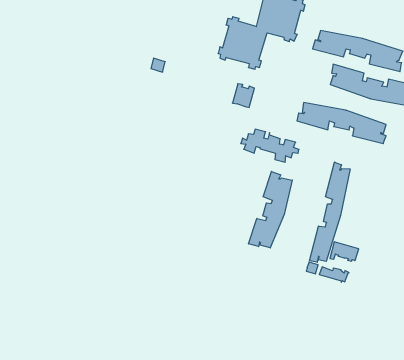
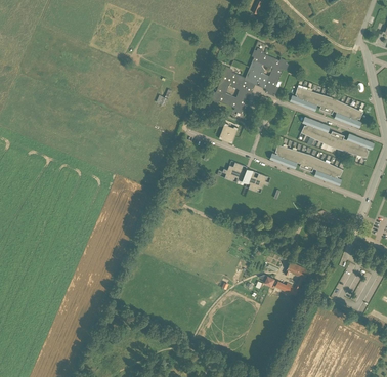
building: [310,162,350,262] -> none
building: [249,171,292,248] -> none

